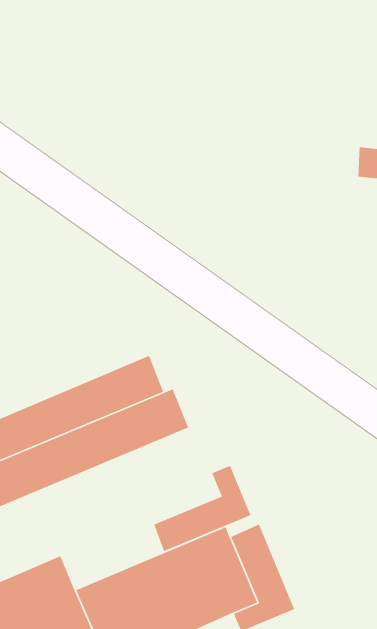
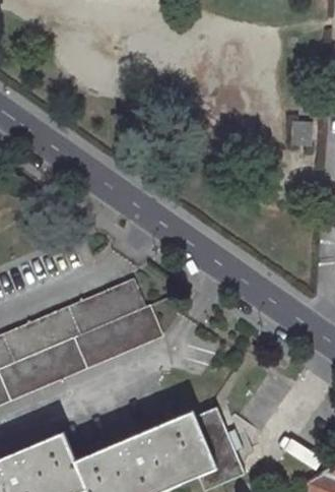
building: [153,465,251,552] -> none

